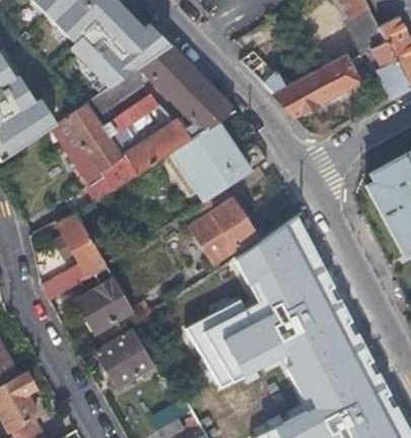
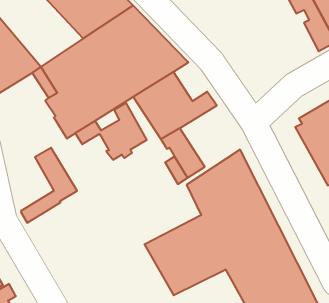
building: [263,57,360,117] -> none
building: [47,265,131,332] -> [75,103,147,160]
building: [95,329,150,385] -> none

